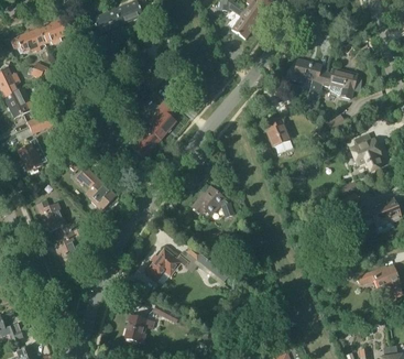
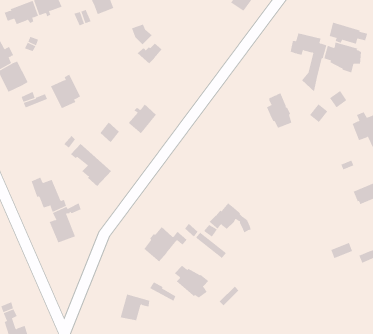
building: none -> [329,22,368,44]
building: [149,99,177,139] -> none
building: [18,137,47,171] -> [50,74,81,109]
building: [193,186,234,216] -> [209,203,252,233]
building: none -> [174,265,209,299]

